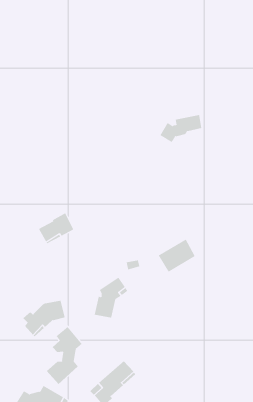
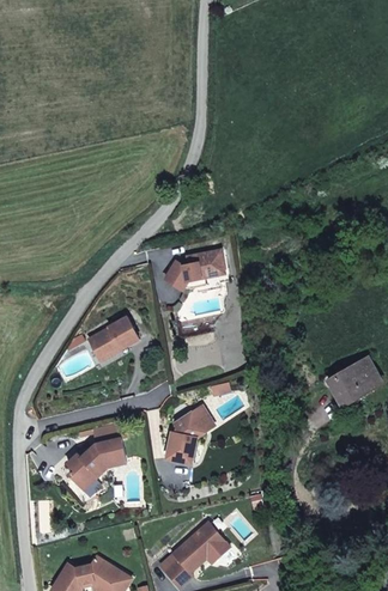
building: [159,114,202,143] -> [164,250,224,290]
building: [158,239,196,273] -> [328,358,381,404]
building: [46,326,83,385] -> none

